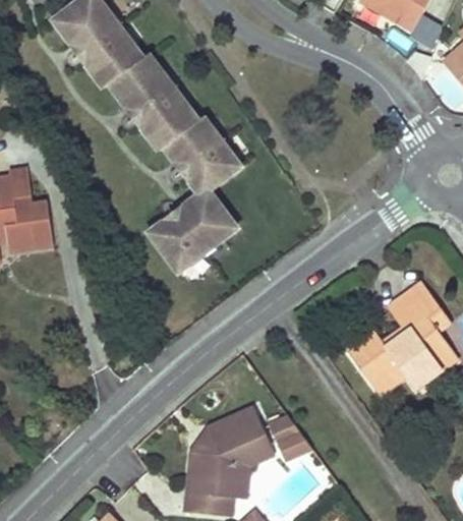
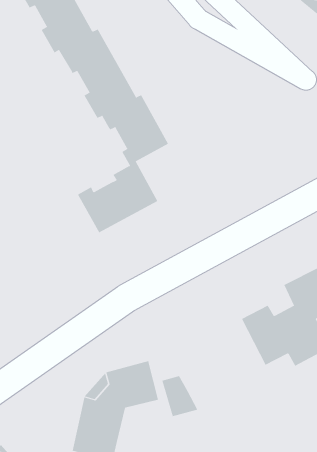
building: [232,443,275,496] -> none

